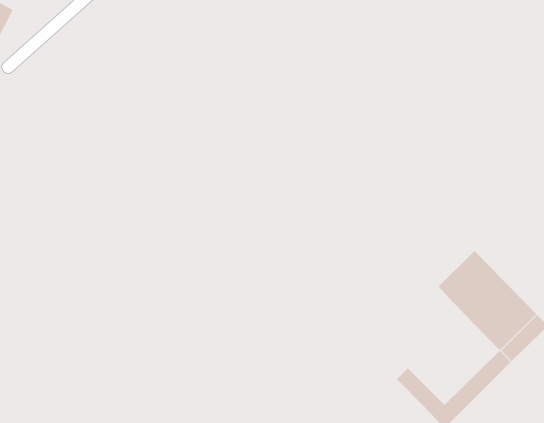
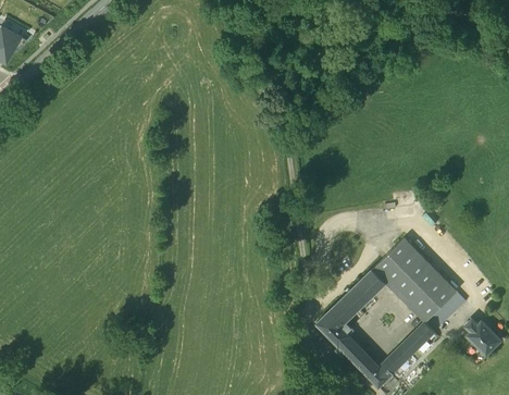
building: none -> [316,269,385,346]

